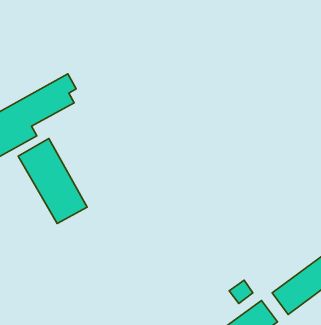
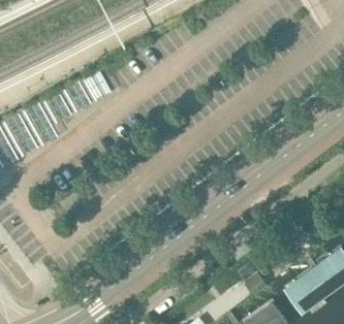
building: [18,139,87,224] -> none

